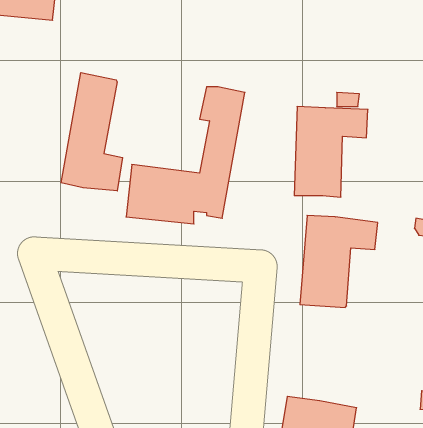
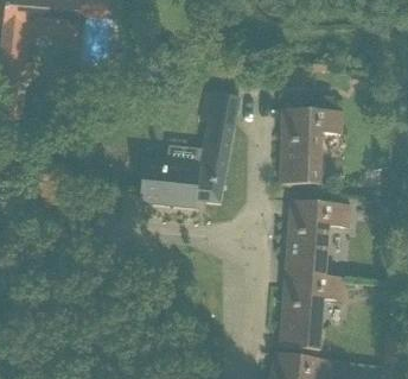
building: [61,73,123,191] -> none
building: none -> [280,274,345,350]

